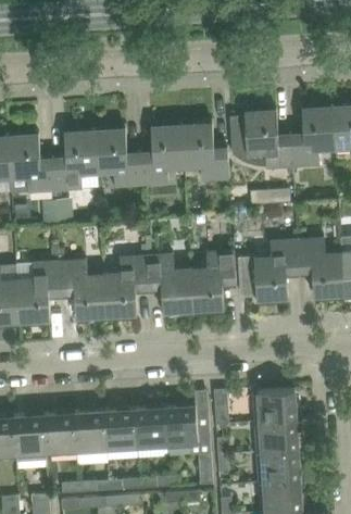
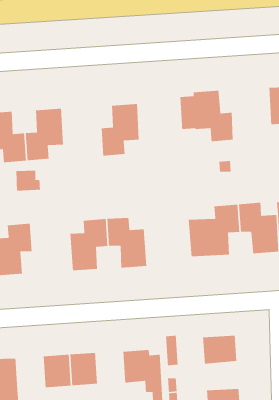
building: [291,106,335,167] -> none
building: [183,123,230,181] -> none
building: [96,128,142,187] -> none
building: [190,251,237,312] -> none
building: [60,261,108,319] -> none
building: [135,409,167,447] -> none
building: [43,414,76,453] -> none
building: [259,421,299,453] -> none

